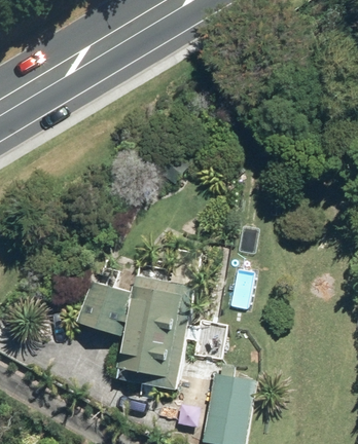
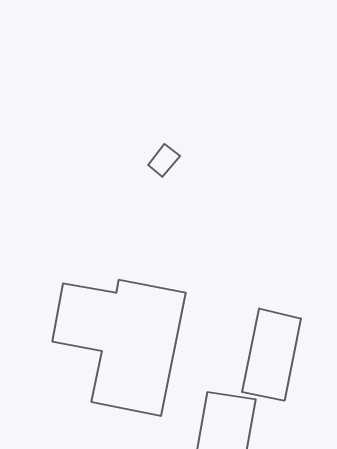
building: none -> [242,308,301,401]

